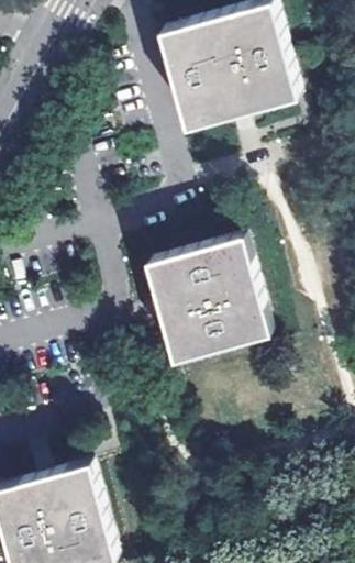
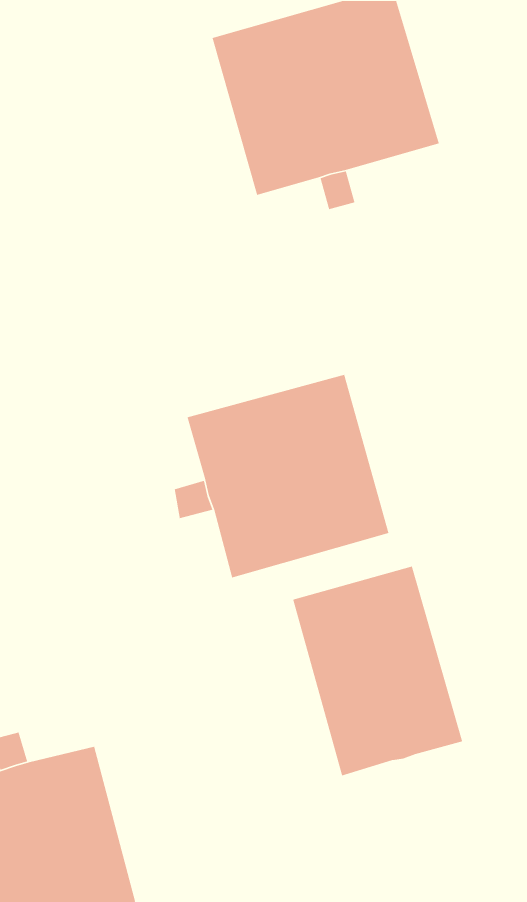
building: none -> [292,565,463,776]

